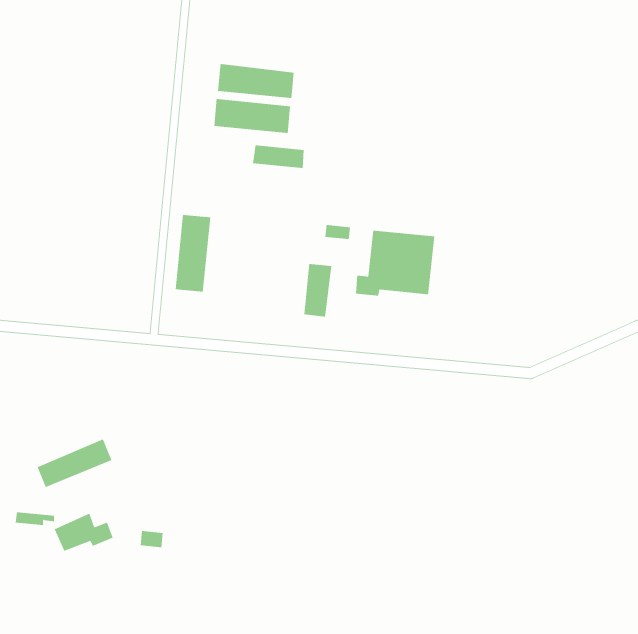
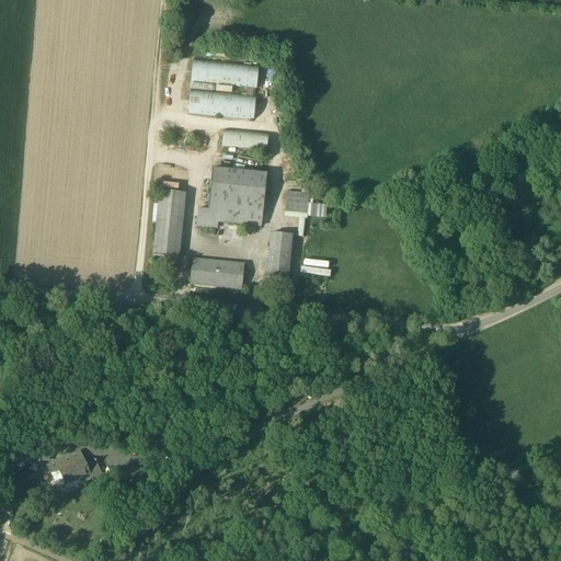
building: [355,230,435,296] -> [196,167,266,225]
building: none -> [190,257,243,287]
building: [37,438,112,488] -> none

